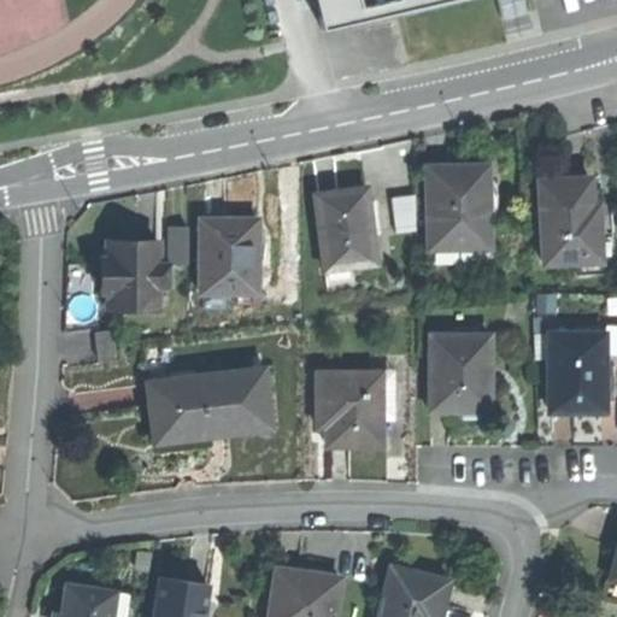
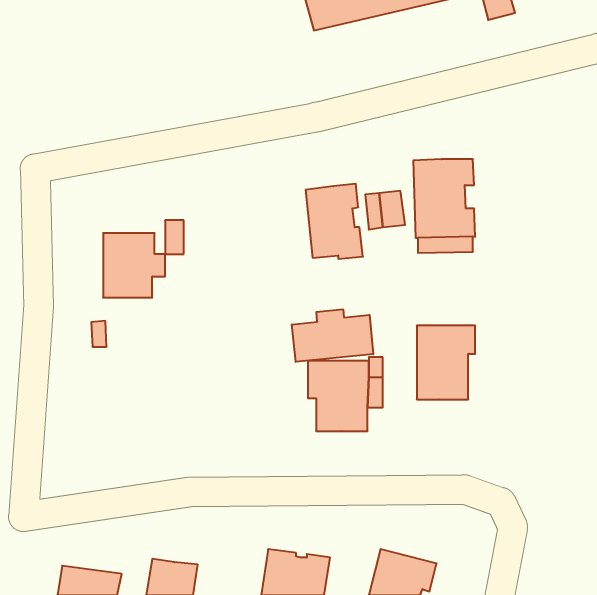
building: [540,178,601,264] -> none
building: [200,218,258,293] -> none
building: none -> [292,309,373,362]
building: [548,336,604,412] -> none
building: [148,368,269,434] -> none

